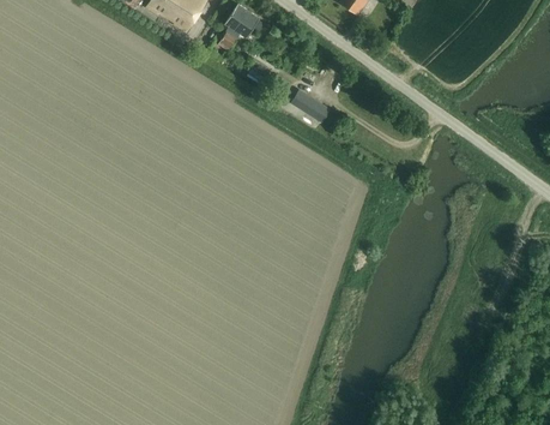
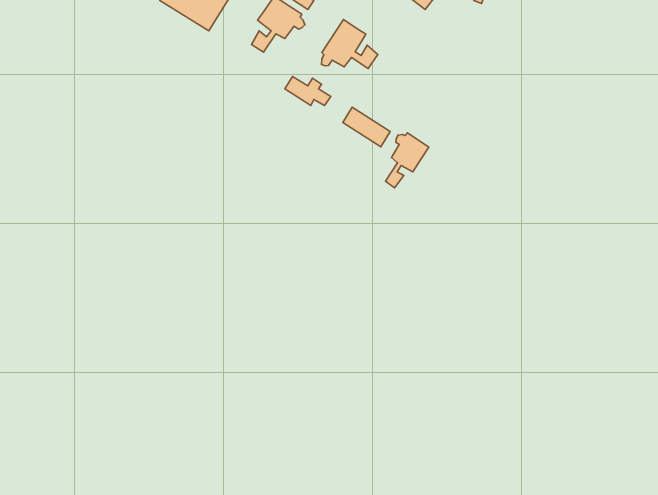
building: none -> [321,20,378,69]
building: none -> [386,133,429,188]

